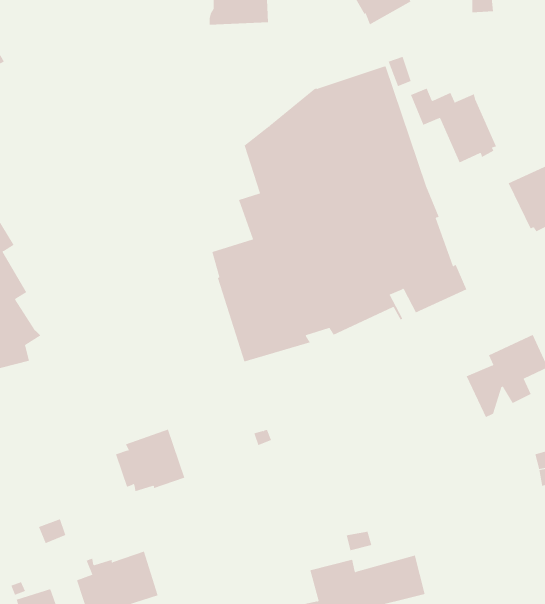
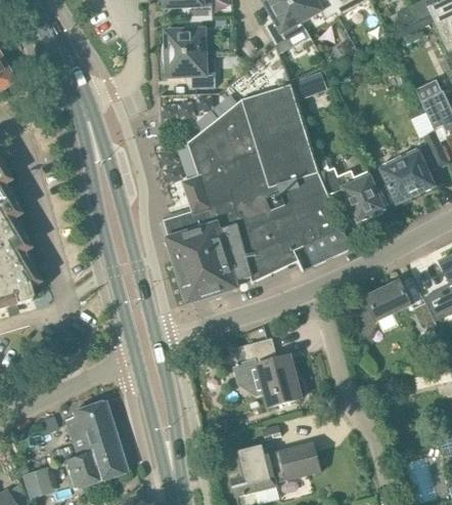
building: none -> [163,51,216,87]
building: [410,88,497,163] -> [322,166,386,221]
building: none -> [233,337,303,406]
building: [115,429,185,492] -> [64,403,116,449]

